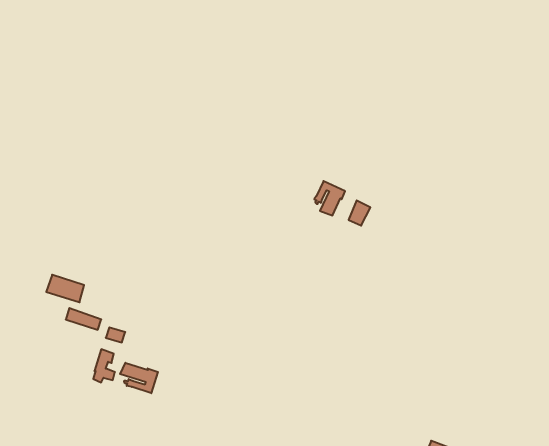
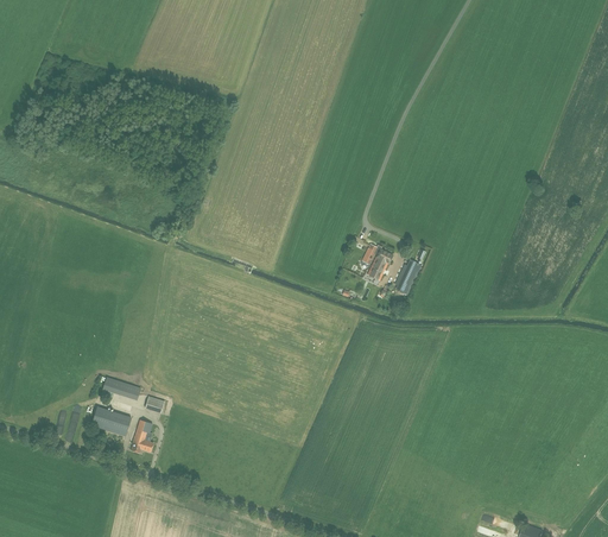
building: [46,275,84,302] -> [90,406,129,435]
building: [120,363,158,393] -> none

